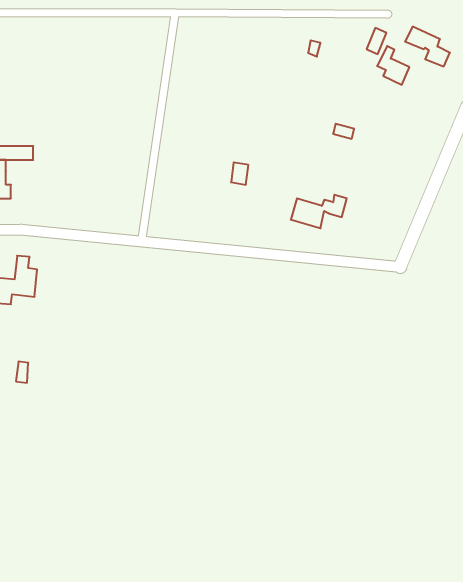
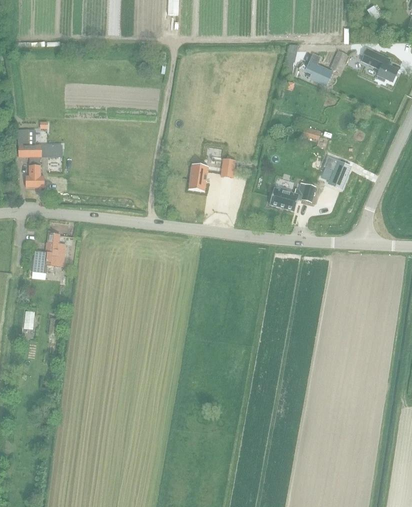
building: [377,46,409,85] -> [305,54,331,85]
building: none -> [325,157,350,188]
building: none -> [189,164,208,190]

